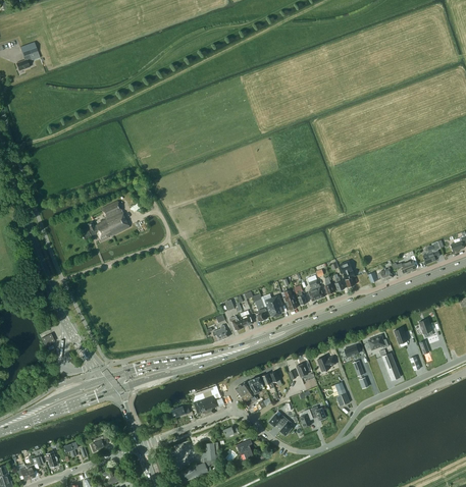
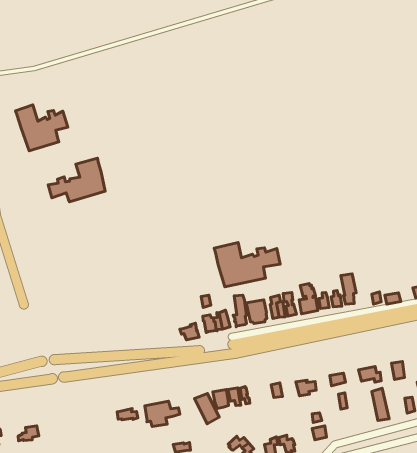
building: none -> [15,105,68,151]
building: none -> [214,242,280,287]

